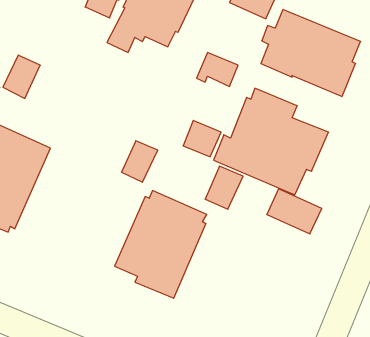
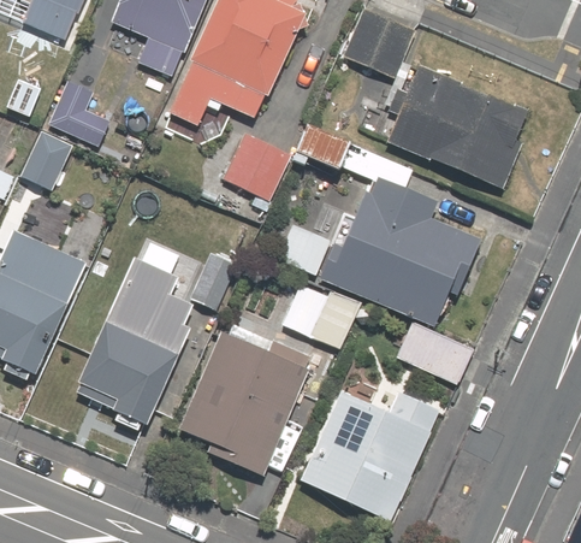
building: none -> [47,78,109,144]
building: none -> [221,130,291,208]
building: none -> [76,256,194,430]
building: none -> [300,386,439,521]

